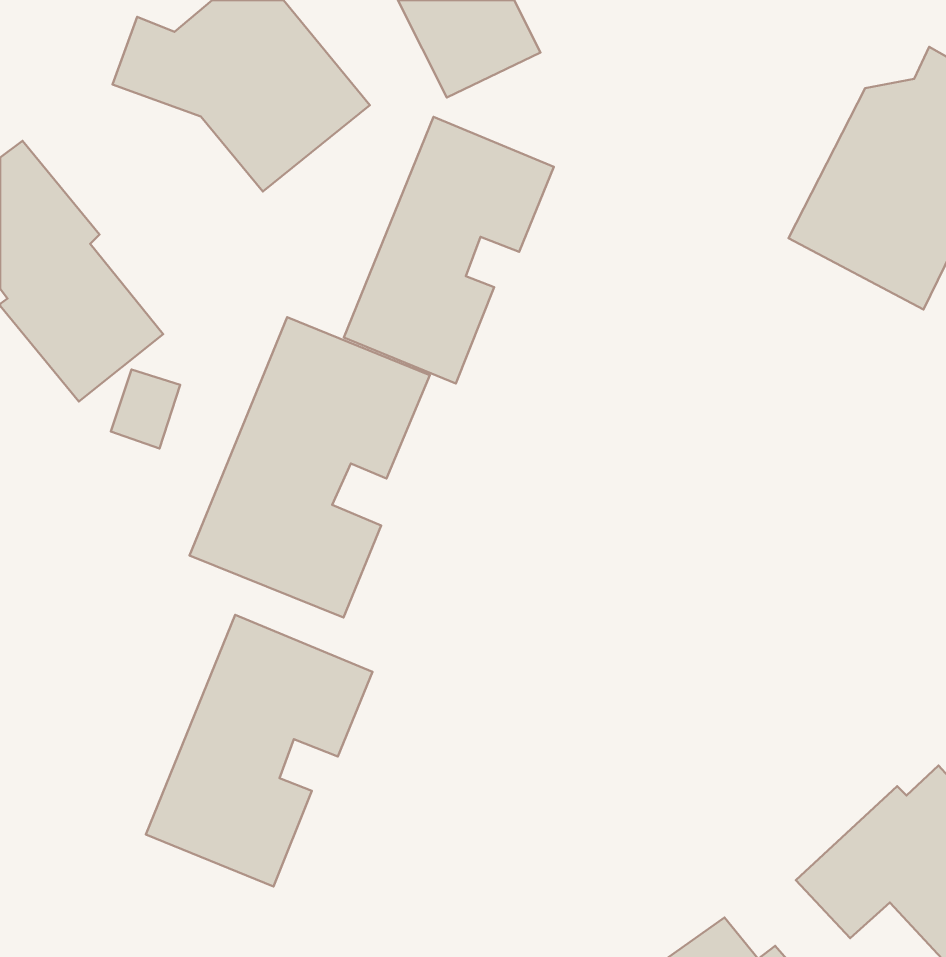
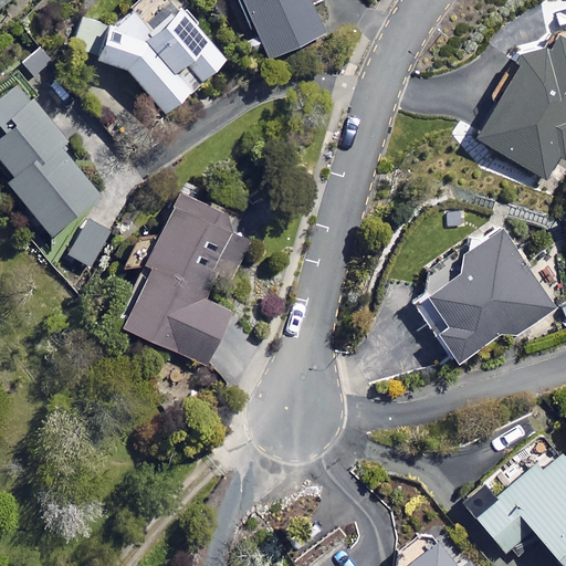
building: [344,117,554,383] -> none
building: none -> [412,230,554,364]
building: [146,615,372,887] -> none

